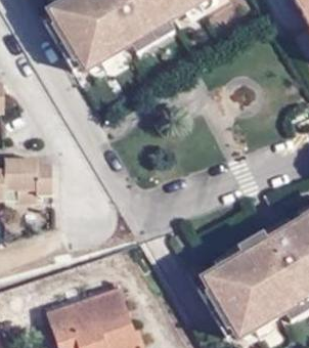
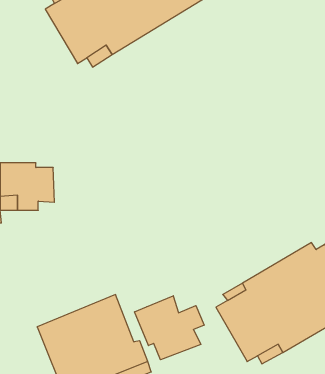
building: none -> [135,296,204,360]

